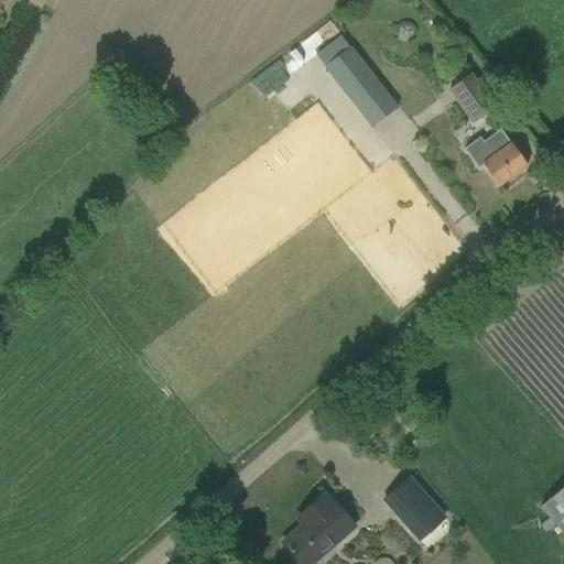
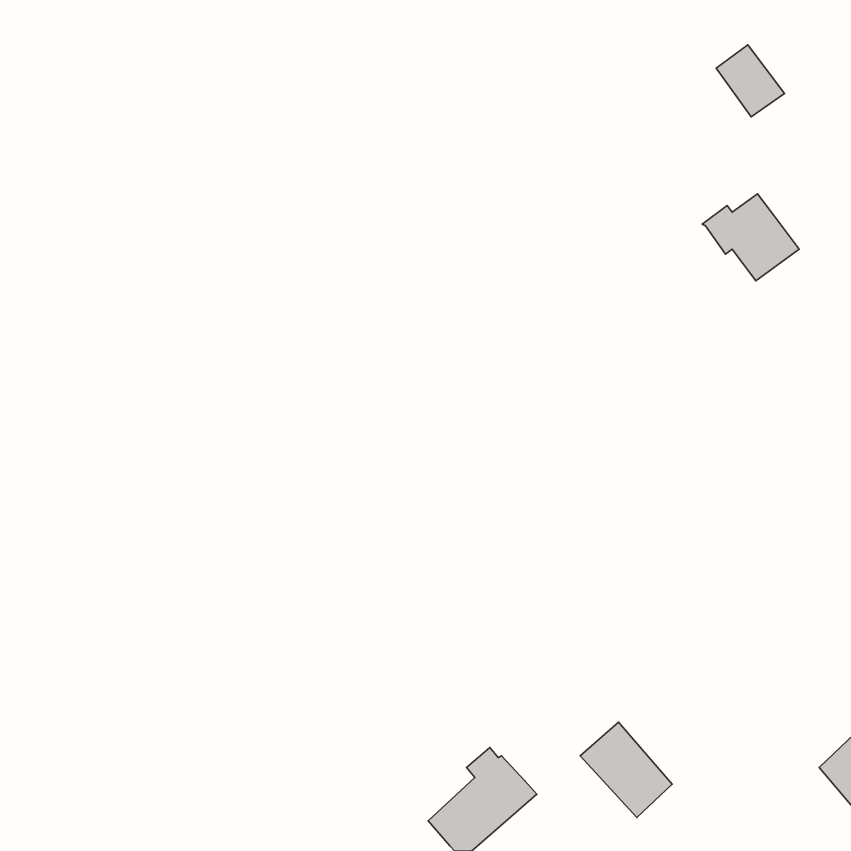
building: [325,45,398,126] -> none
building: [451,74,496,121] -> [716,45,785,117]

